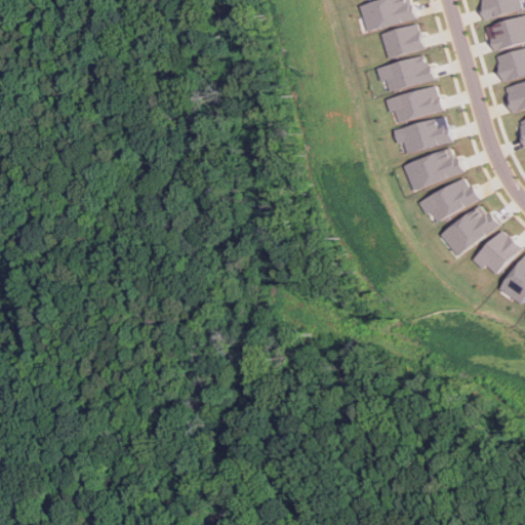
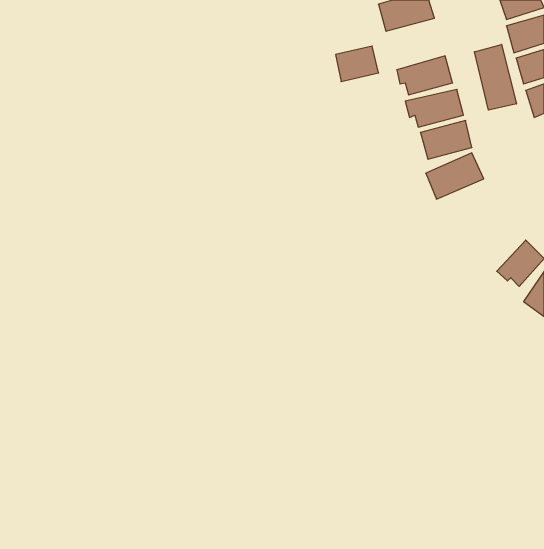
building: [382,24,423,57] -> [336,46,379,82]
building: none -> [474,44,516,110]
building: [421,177,479,221] -> none
building: [443,205,497,256] -> none

